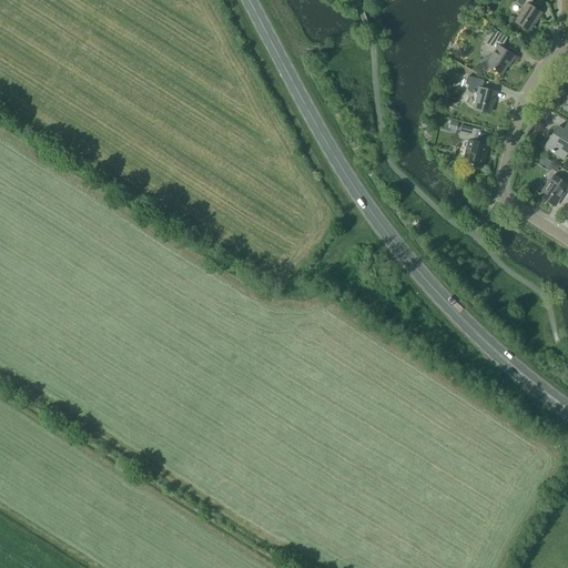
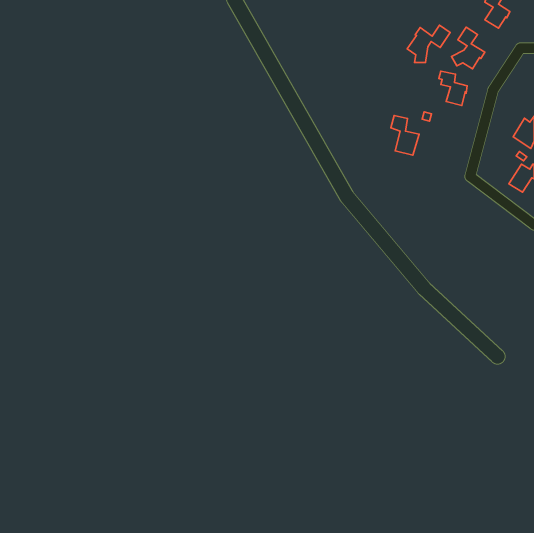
building: none -> [407,25,450,63]
building: [458,124,488,166] -> [391,115,419,155]

